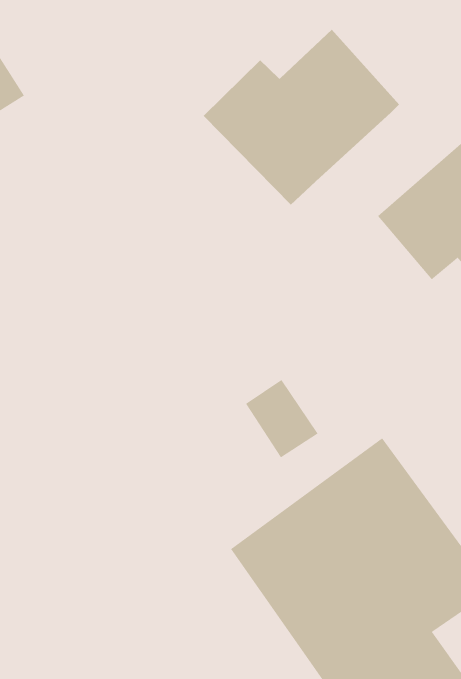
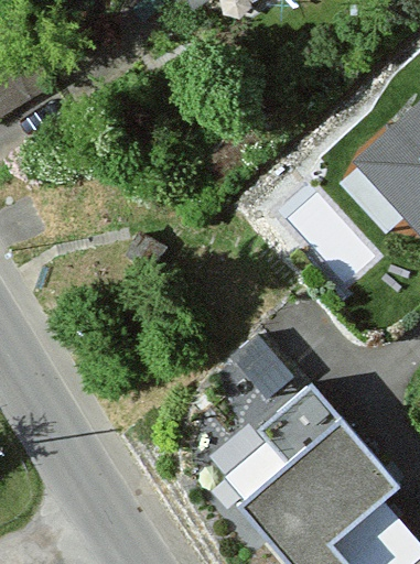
building: [203,29,400,205] -> none

